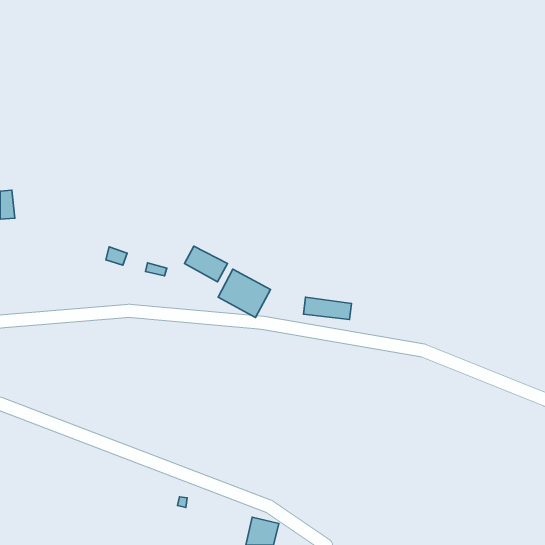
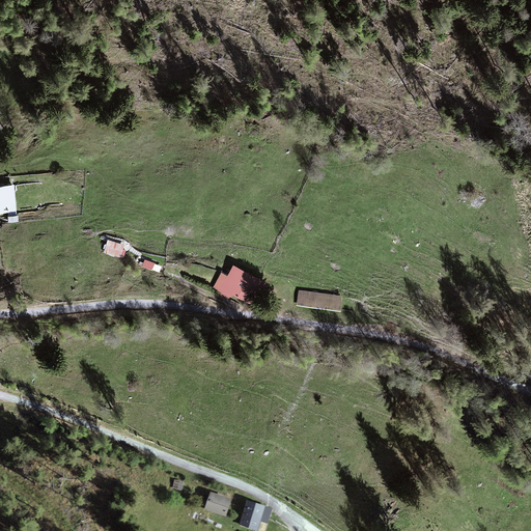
building: [185,246,227,282] -> none
building: none -> [203,493,229,516]

